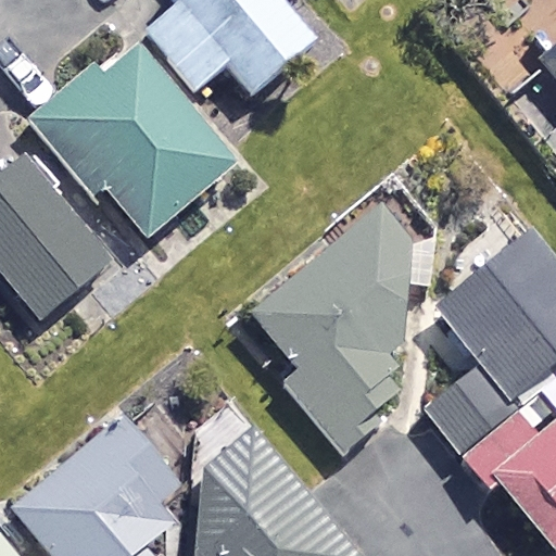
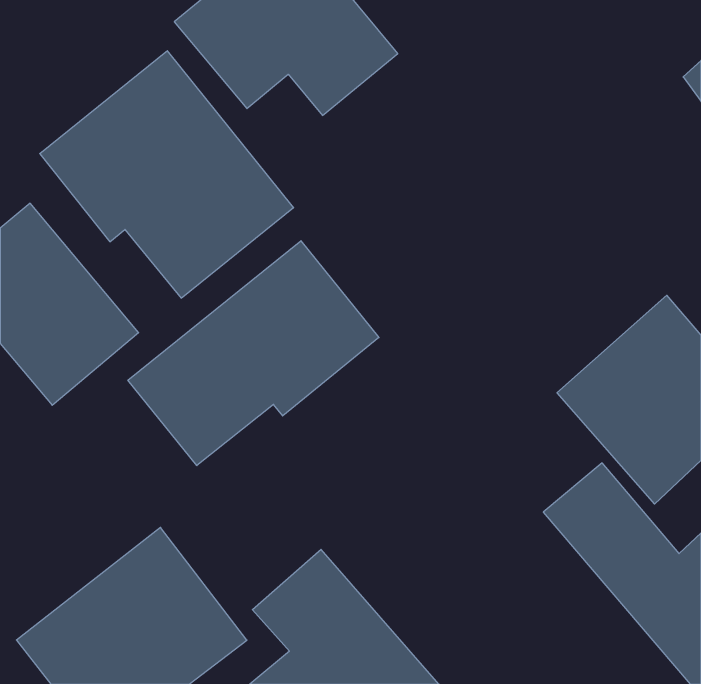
building: [250,181,413,446] -> none
building: none -> [128,241,379,466]

